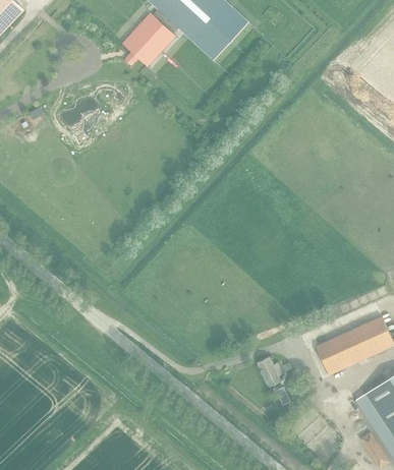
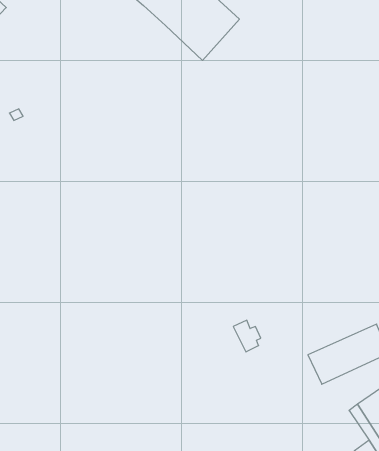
building: [121,11,176,66] -> none
building: [257,355,283,386] -> [233,320,261,352]

